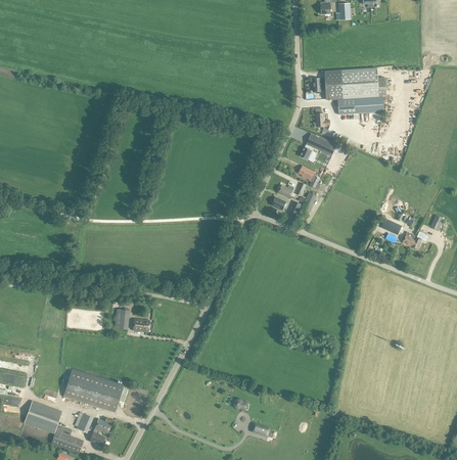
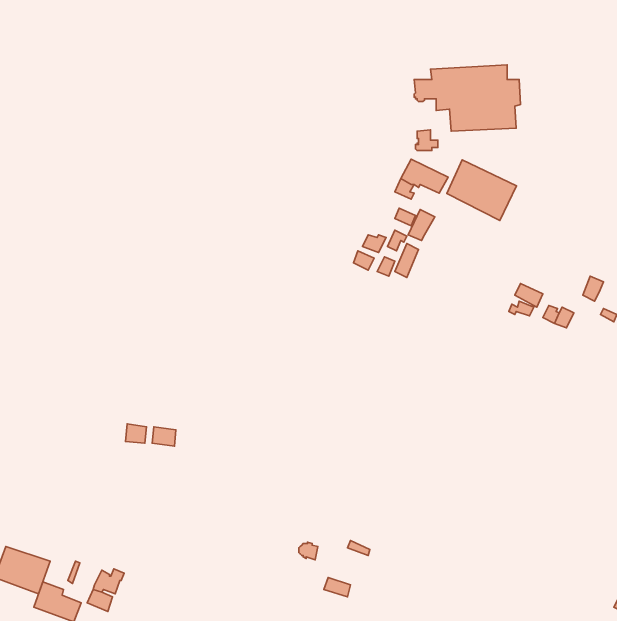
building: none -> [447,160,517,220]
building: [62,369,122,412] -> none

